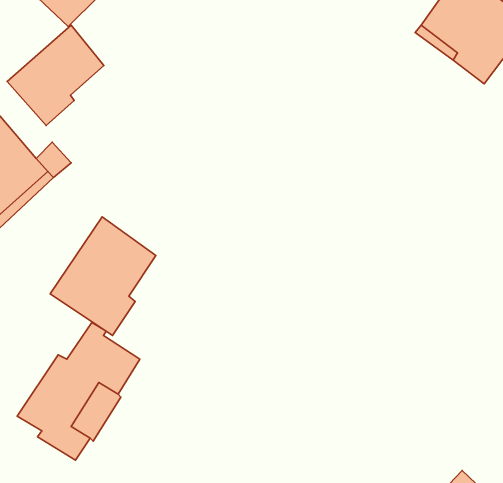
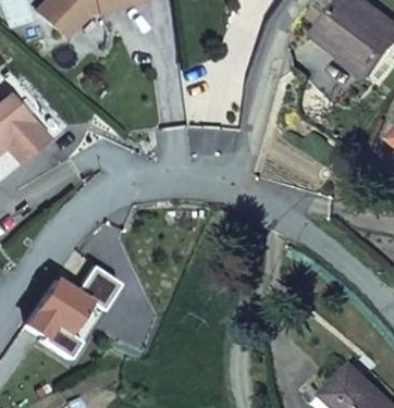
building: [7,25,104,126] -> none
building: [50,217,156,335] -> none

